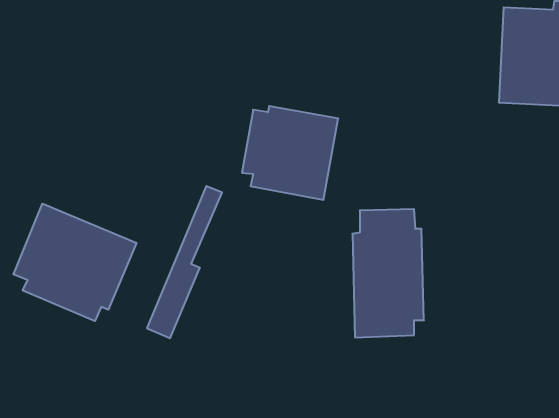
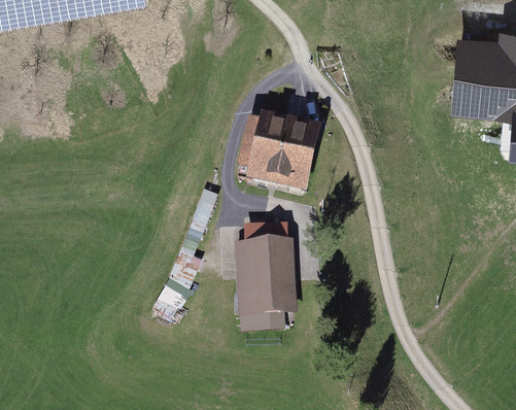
building: [13,204,136,321] -> none
building: [352,209,424,337] -> [237,228,297,335]

